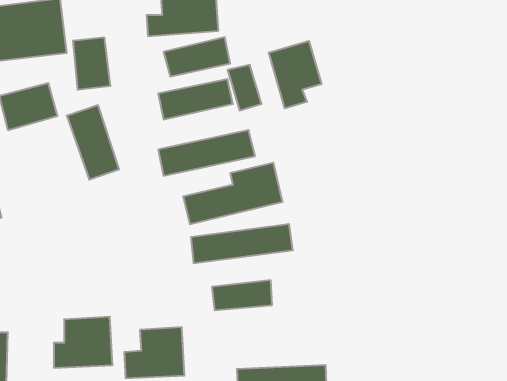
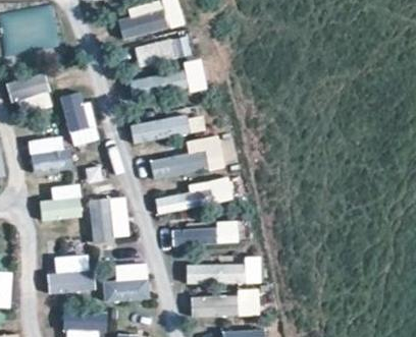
building: [73,37,110,90] -> none
building: [269,41,321,108] -> none
building: none -> [28,134,69,172]
building: none -> [40,184,82,220]
building: none -> [89,198,132,244]
building: none -> [186,261,261,283]

